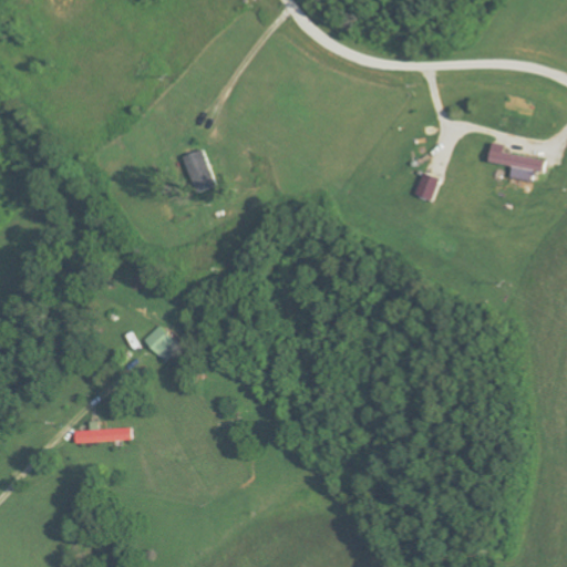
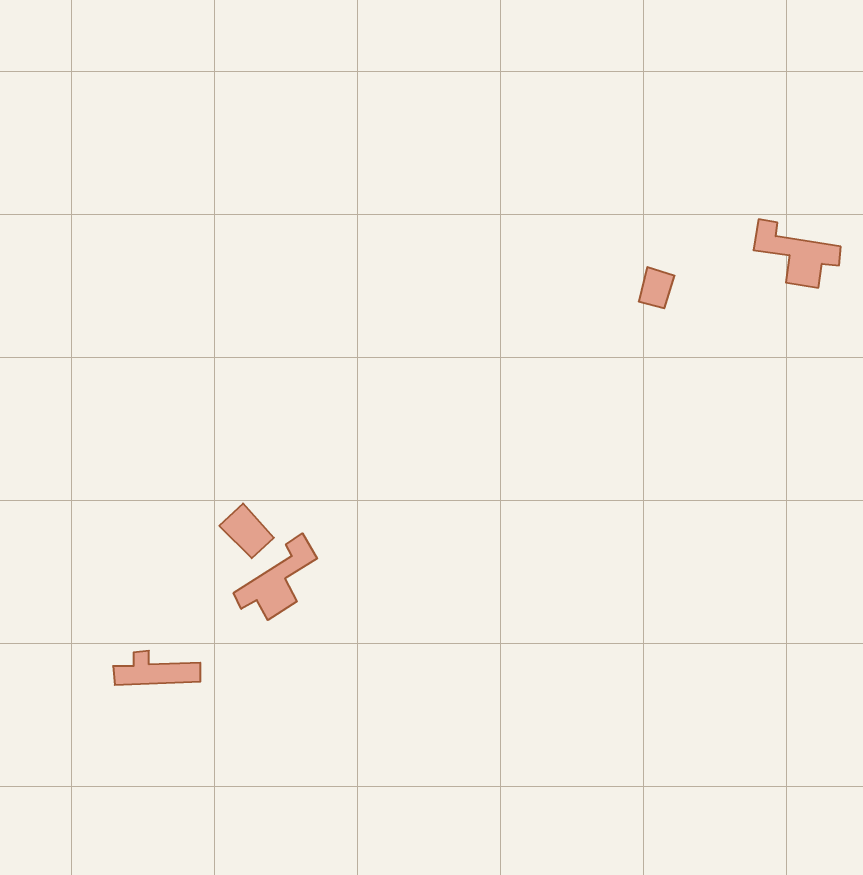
building: [181,150,213,193] -> none
building: none -> [234,533,317,620]

